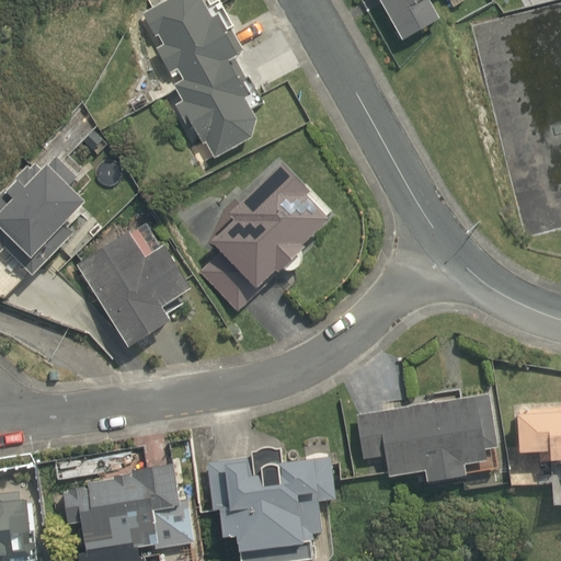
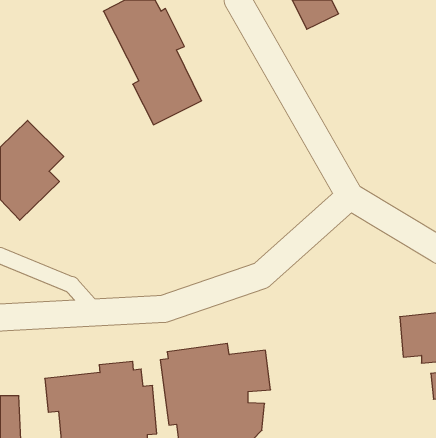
building: [193,152,341,312] -> none
building: [76,232,188,352] -> none
building: [359,391,497,483] -> none

